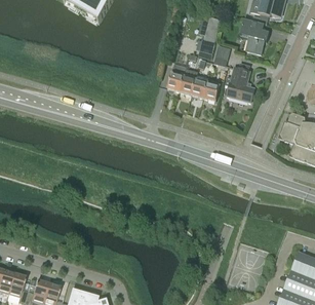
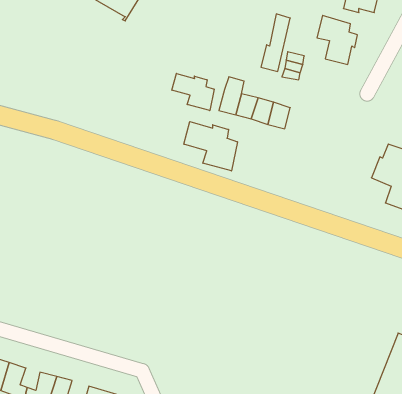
building: none -> [172,73,214,111]
building: [224,62,253,100] -> none
building: none -> [184,122,237,171]

